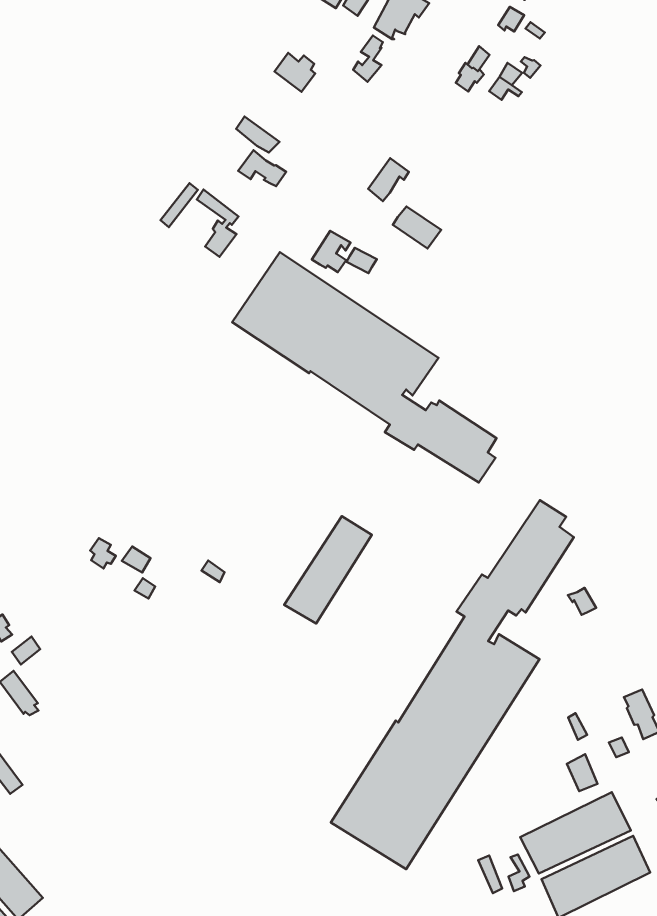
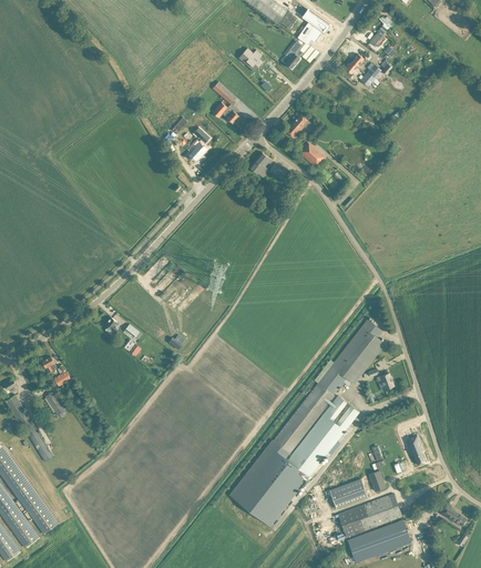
building: [232,252,497,483] -> none
building: [284,516,372,624] -> none
building: none -> [328,478,367,509]

